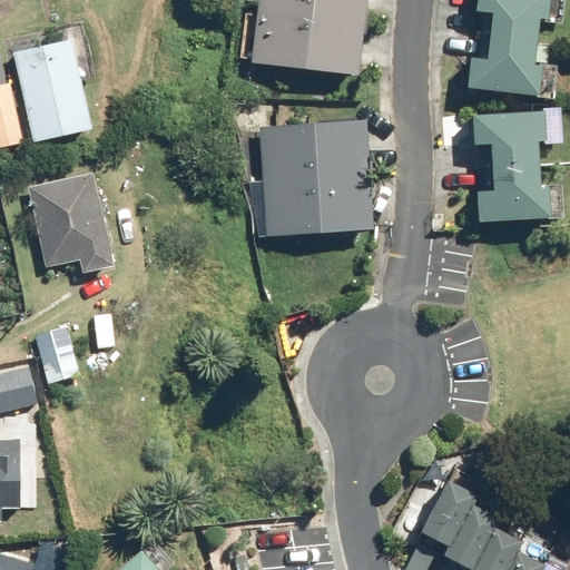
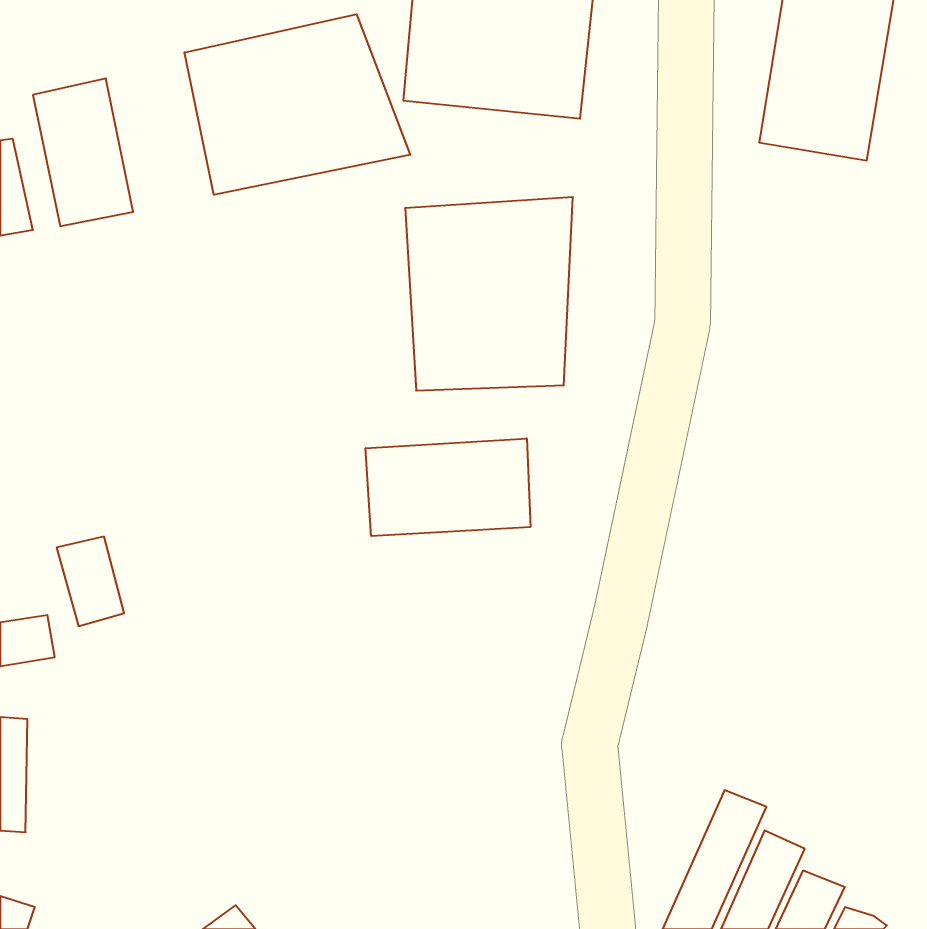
building: none -> [184,14,410,195]
building: [474,111,548,222] -> none
building: [33,176,110,269] -> none
building: none -> [366,438,530,536]

